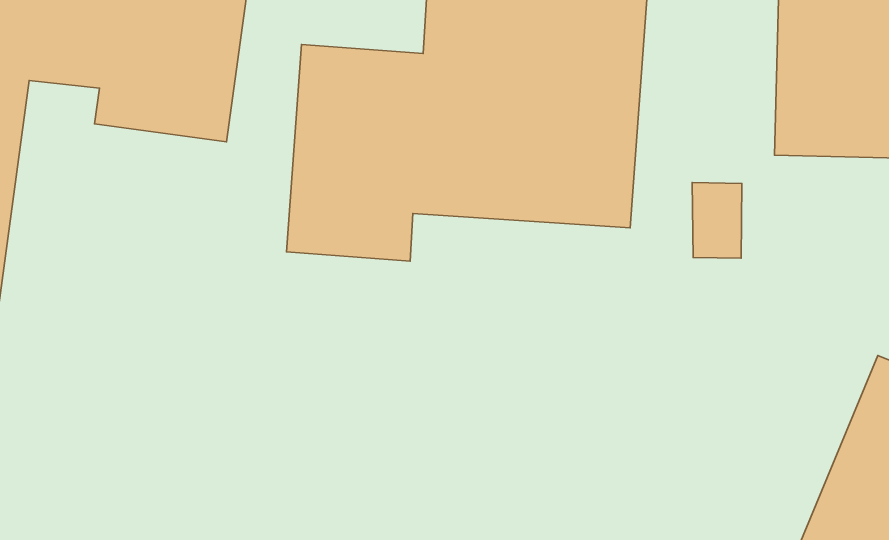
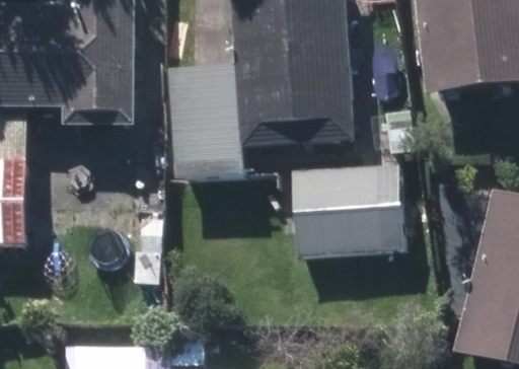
building: none -> [293,164,404,255]

